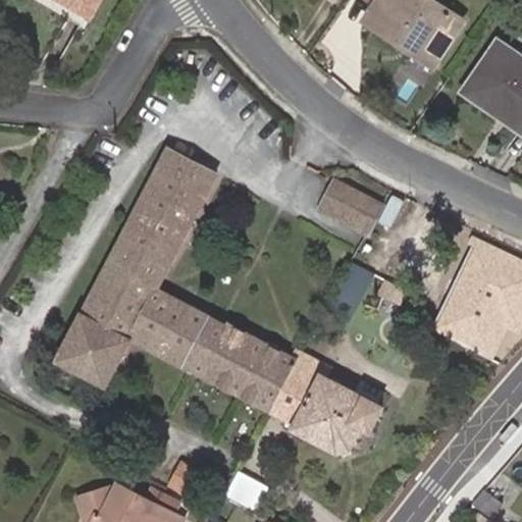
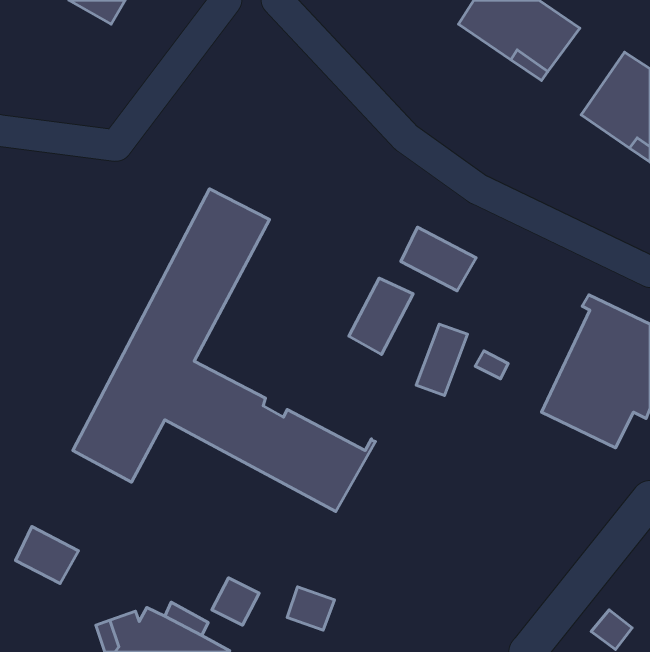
building: none -> [349,278,413,355]
building: [268,353,381,454] -> none
building: none -> [16,526,78,584]

